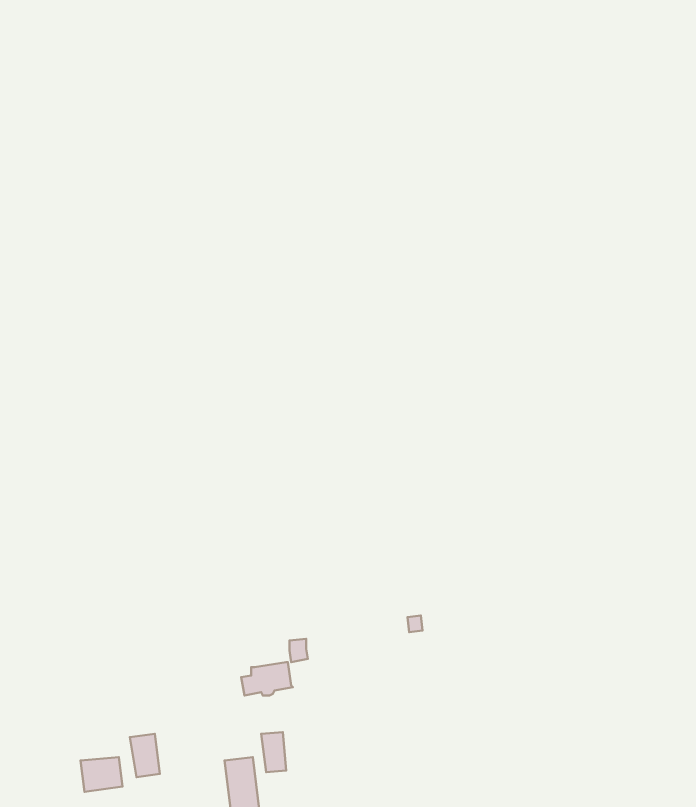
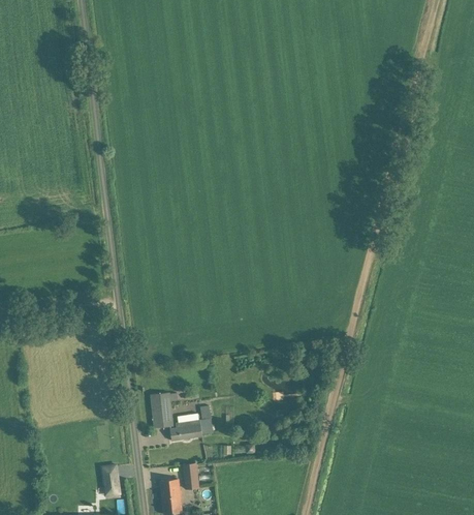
building: none -> [151,392,178,428]
building: [80,757,123,792] -> none

